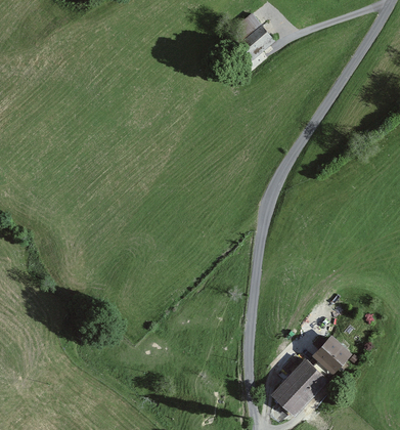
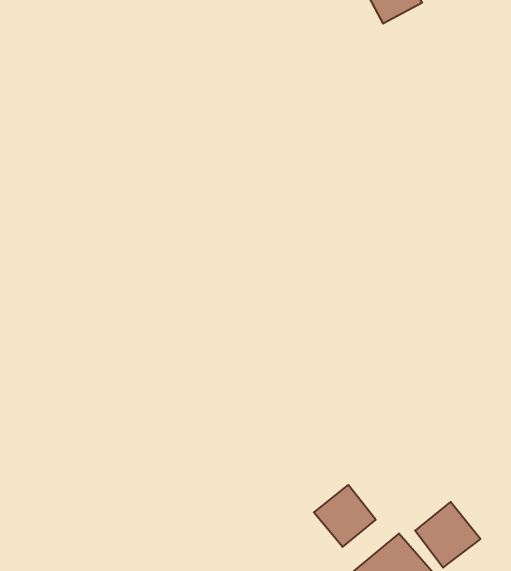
building: none -> [314,485,376,547]

